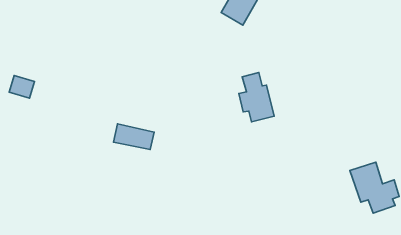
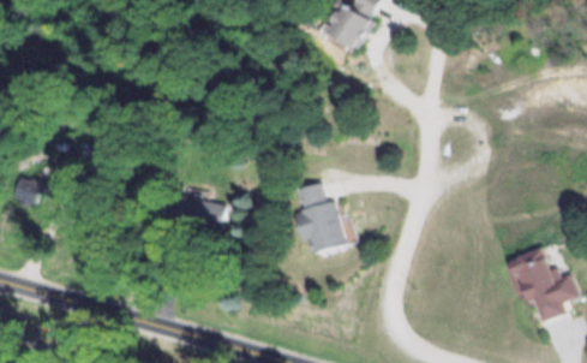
building: [239,73,274,122] -> [293,180,343,251]
building: [9,75,34,98] -> [13,173,49,206]

